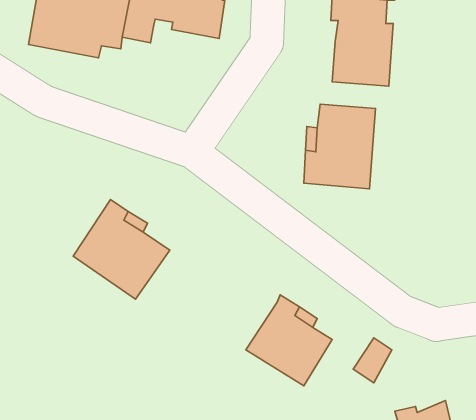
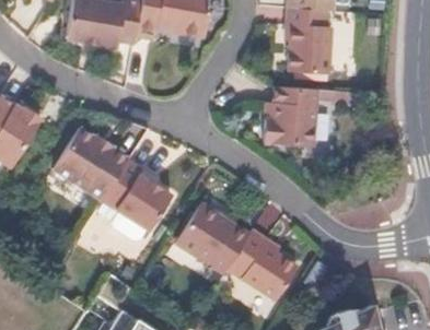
building: none -> [48,122,126,197]
building: none -> [171,198,246,269]

